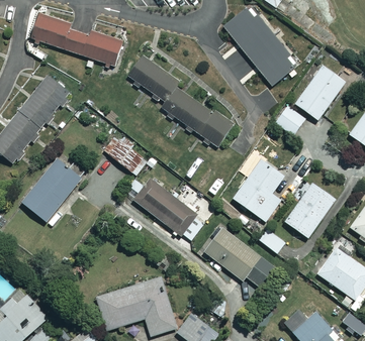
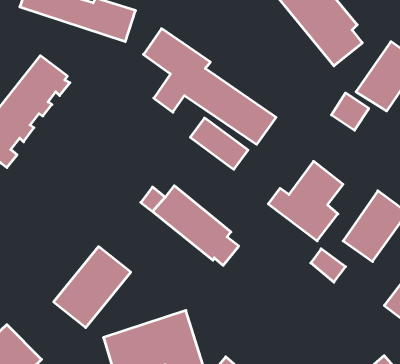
building: [104,134,150,175] -> [190,118,248,169]
building: [20,157,81,221] -> [54,247,131,328]
building: [204,227,275,289] -> none

